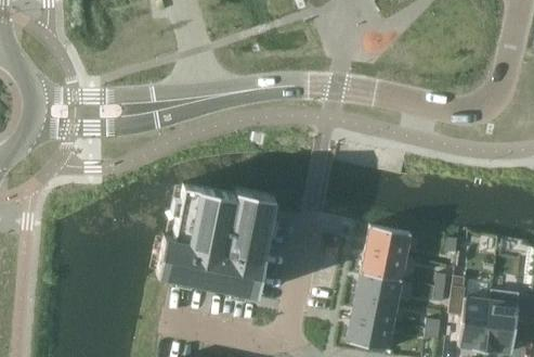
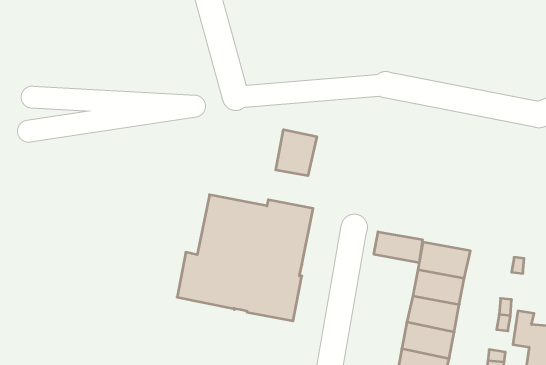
building: none -> [276,130,317,176]
building: none -> [374,232,422,263]

